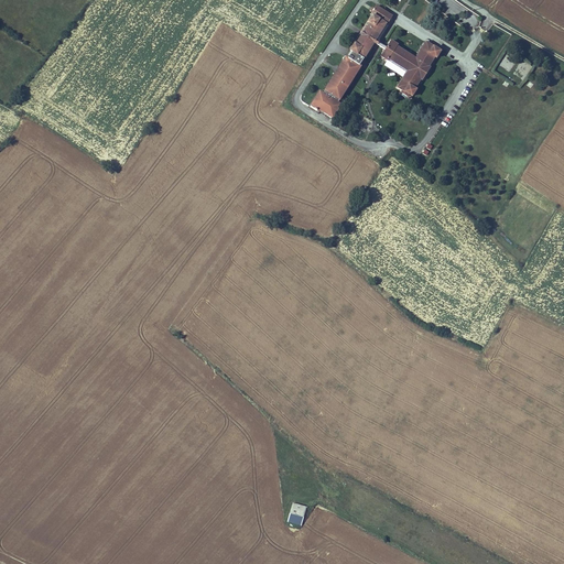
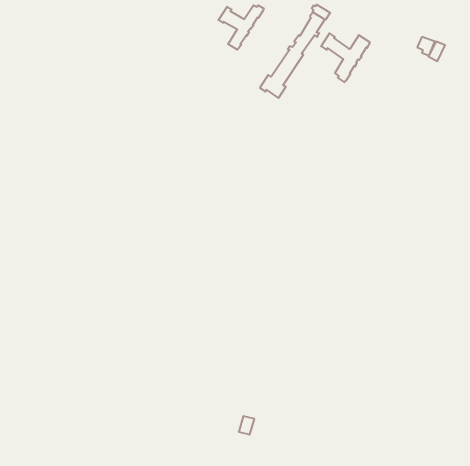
building: none -> [218,5,264,50]

